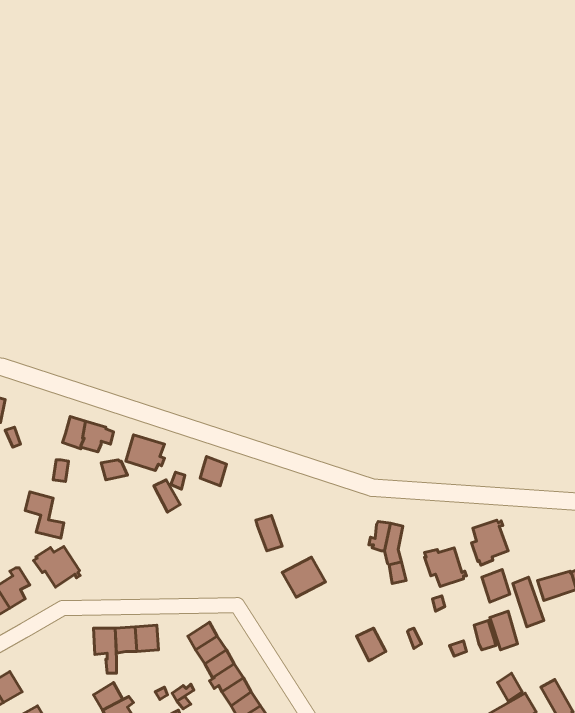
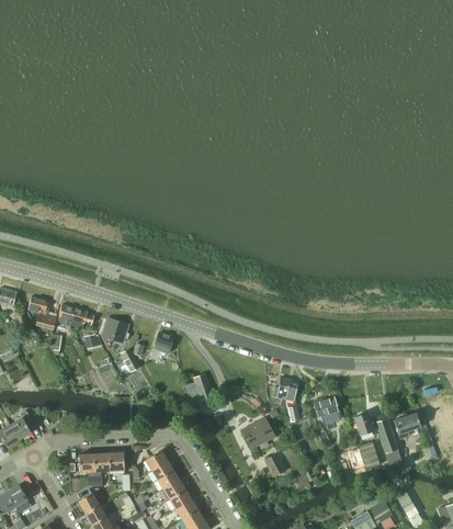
building: [25,492,64,538] -> [29,296,56,329]
building: [472,520,508,565] -> none
building: [33,546,80,587] -> none
building: [282,557,325,597] -> [244,419,274,448]

